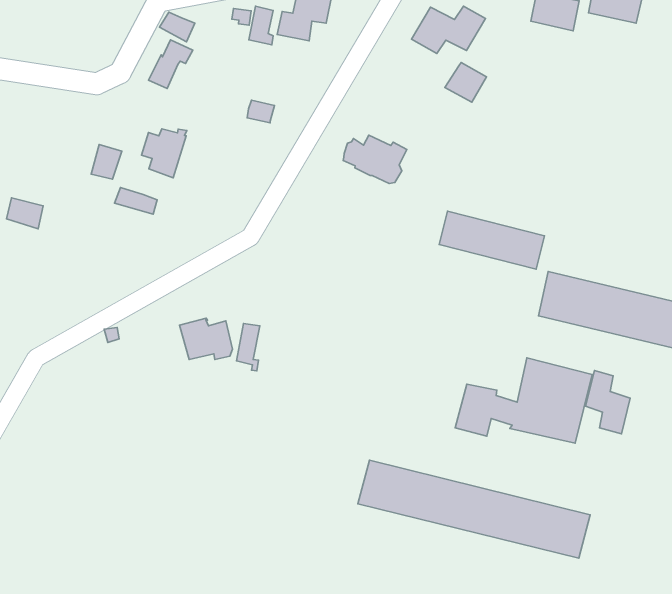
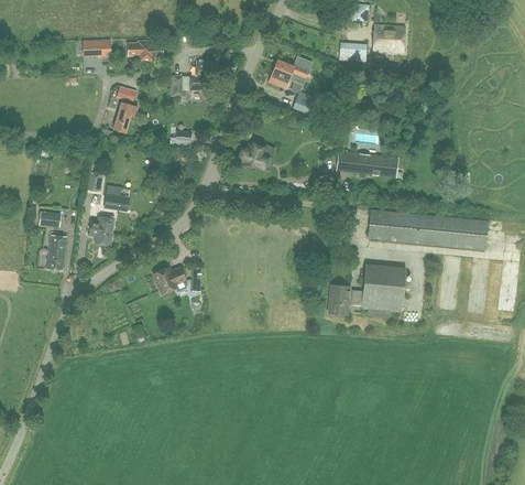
building: [142,129,187,178] -> [88,215,113,245]
building: [439,211,544,269] -> [335,150,397,177]
building: none -> [46,234,66,270]
building: [586,370,630,434] -> none
building: [358,460,590,558] -> none

